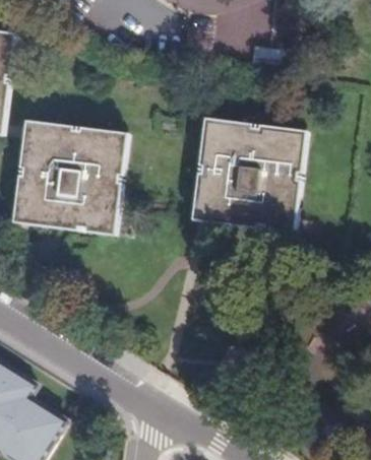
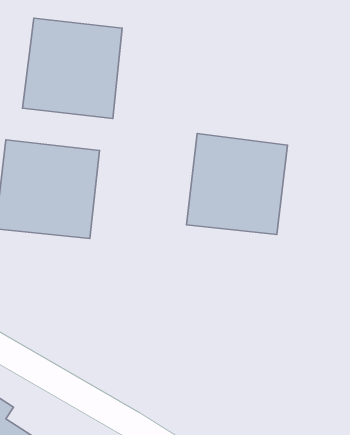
building: none -> [22,18,122,119]

